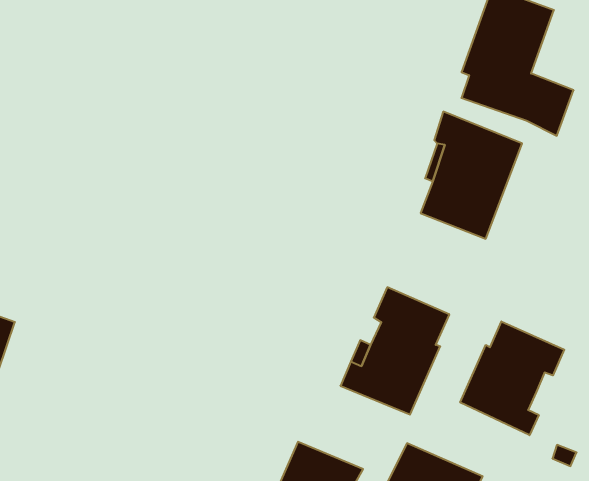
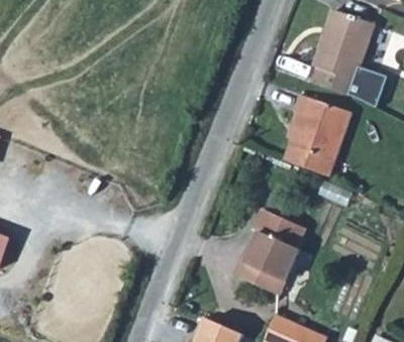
building: [460,321,564,435] -> none

